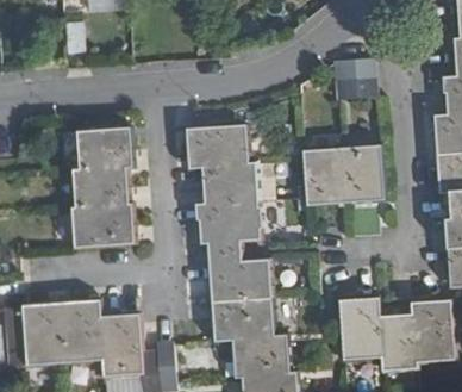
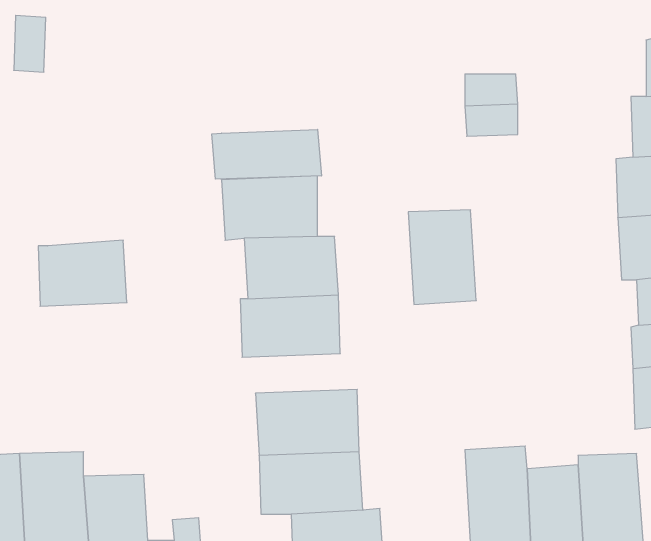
building: none -> [212,129,321,179]
building: [76,129,132,169] -> none
building: [344,145,385,204] -> none
building: [68,205,133,247] -> none

